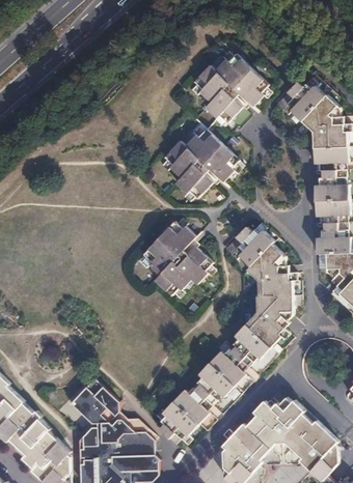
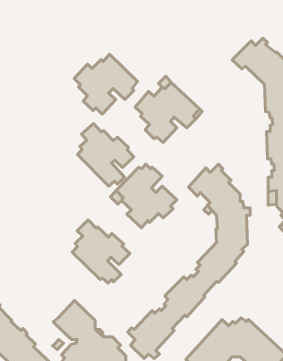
building: [194,54,267,122] -> [74,54,137,114]
building: none -> [77,124,134,186]
building: none -> [72,220,130,283]

